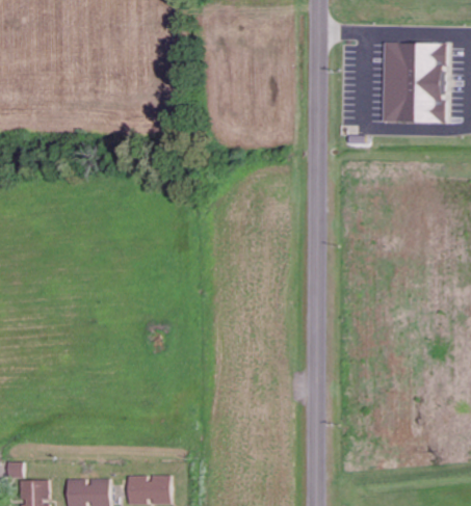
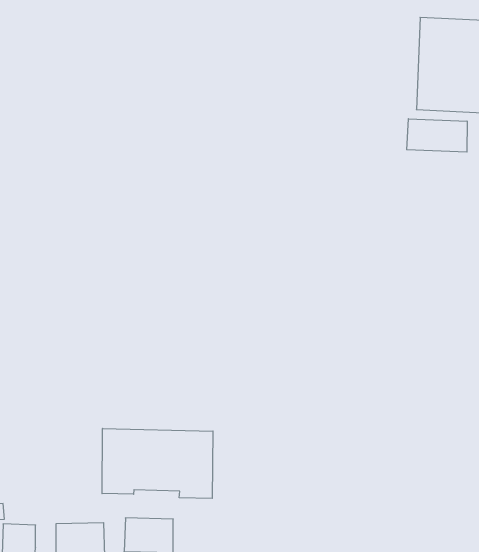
building: none -> [407,119,467,152]
building: none -> [102,428,213,498]

